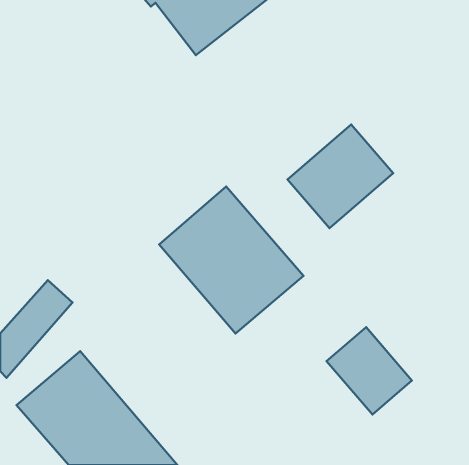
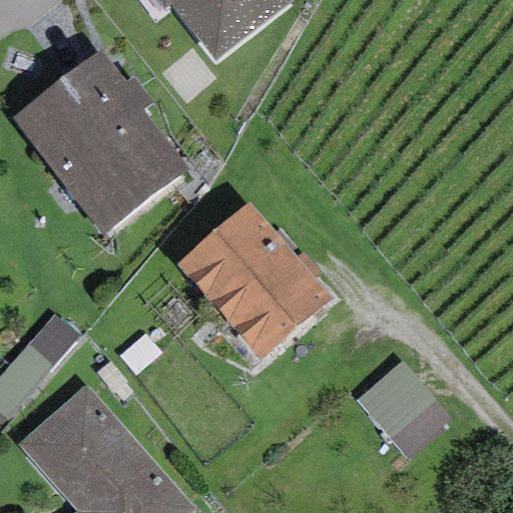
building: none -> [12,51,189,236]
building: [287,125,393,228] -> none

